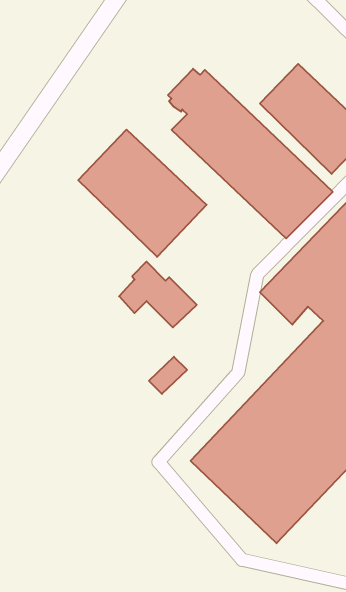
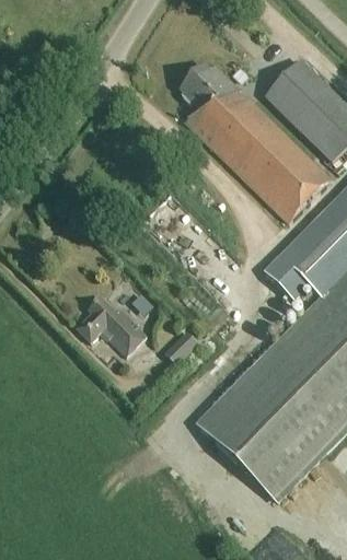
building: [78,130,207,257] -> none
building: [119,262,197,327] -> [76,294,147,354]

